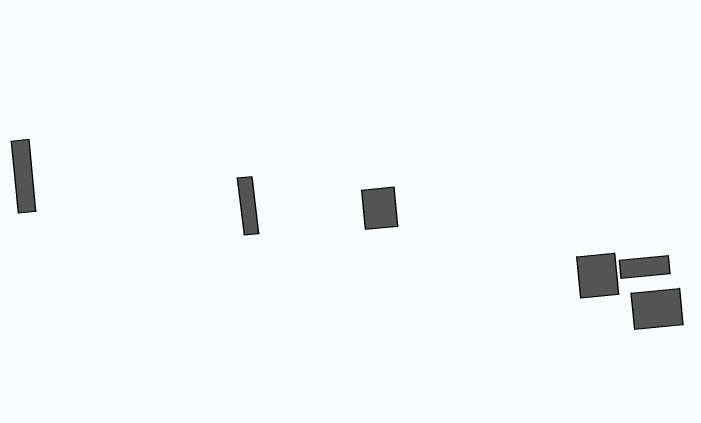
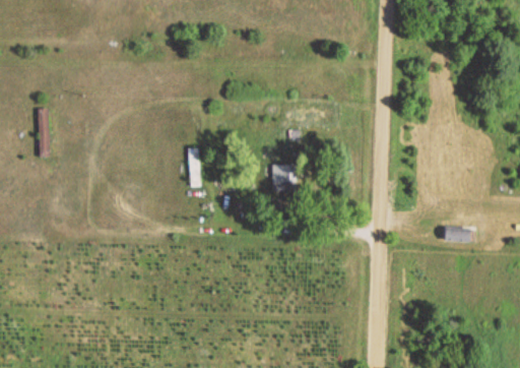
building: [577,253,618,298] -> none
building: [631,288,683,329] -> none

